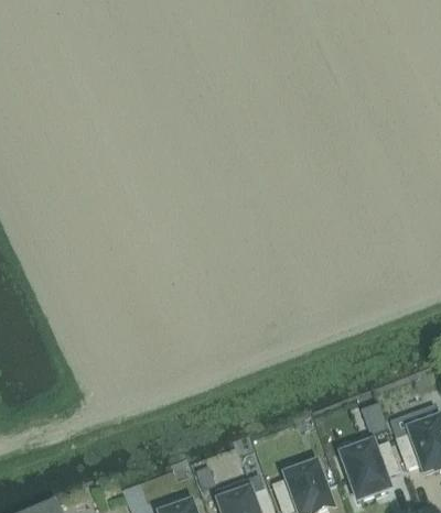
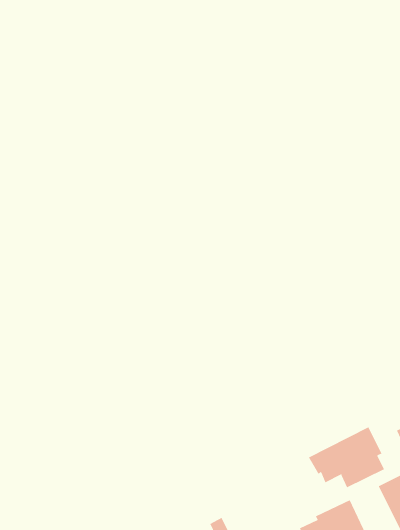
building: none -> [308,427,385,488]

